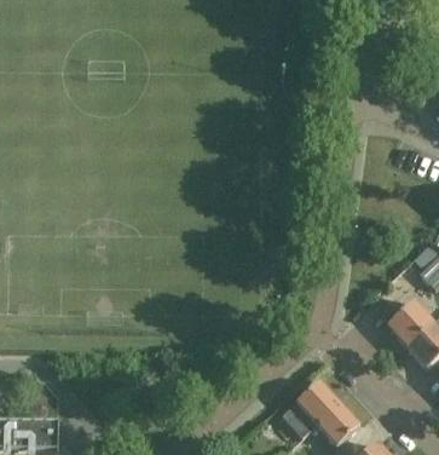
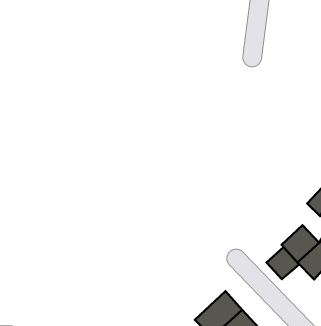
building: none -> [267,247,299,279]

